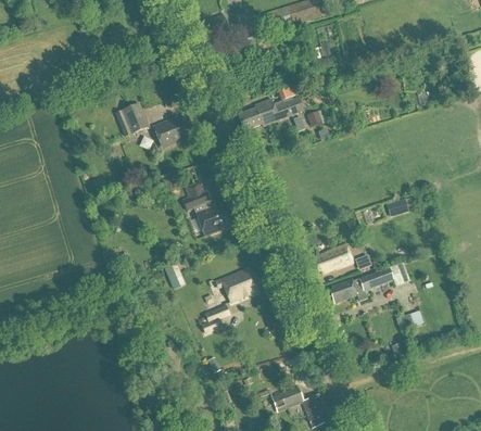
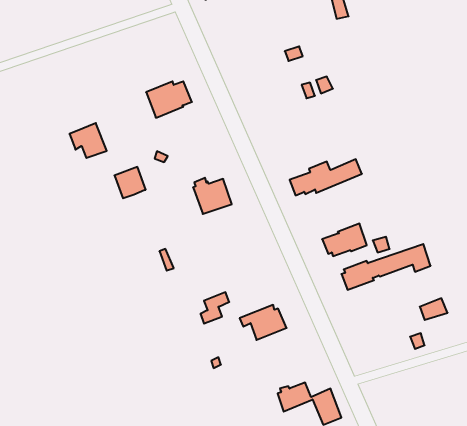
building: [237,97,302,129] -> [290,159,362,195]
building: [115,103,149,135] -> [69,123,107,158]
building: [179,182,207,211] -> [114,167,146,198]
building: [215,270,257,302] -> [240,305,287,340]

